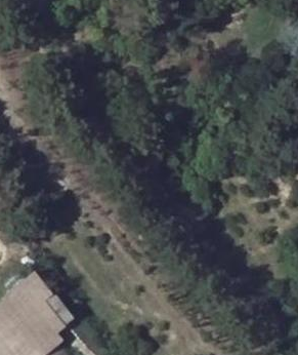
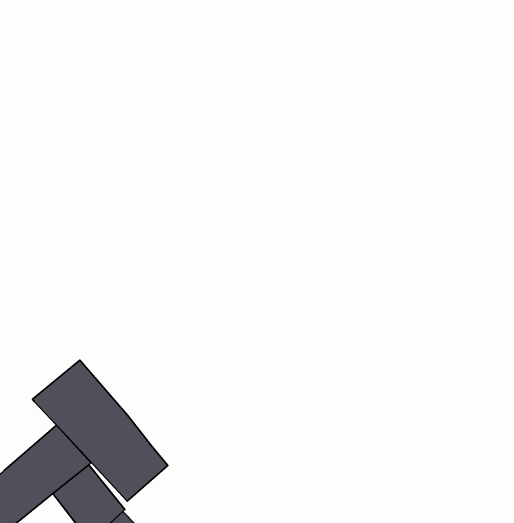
building: none -> [33,360,168,501]

